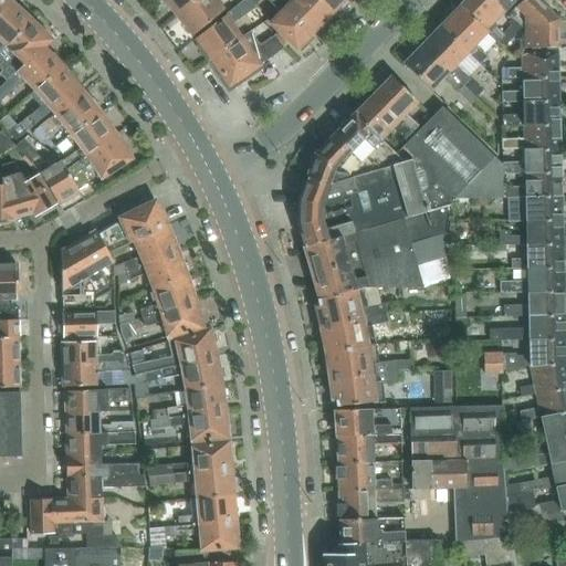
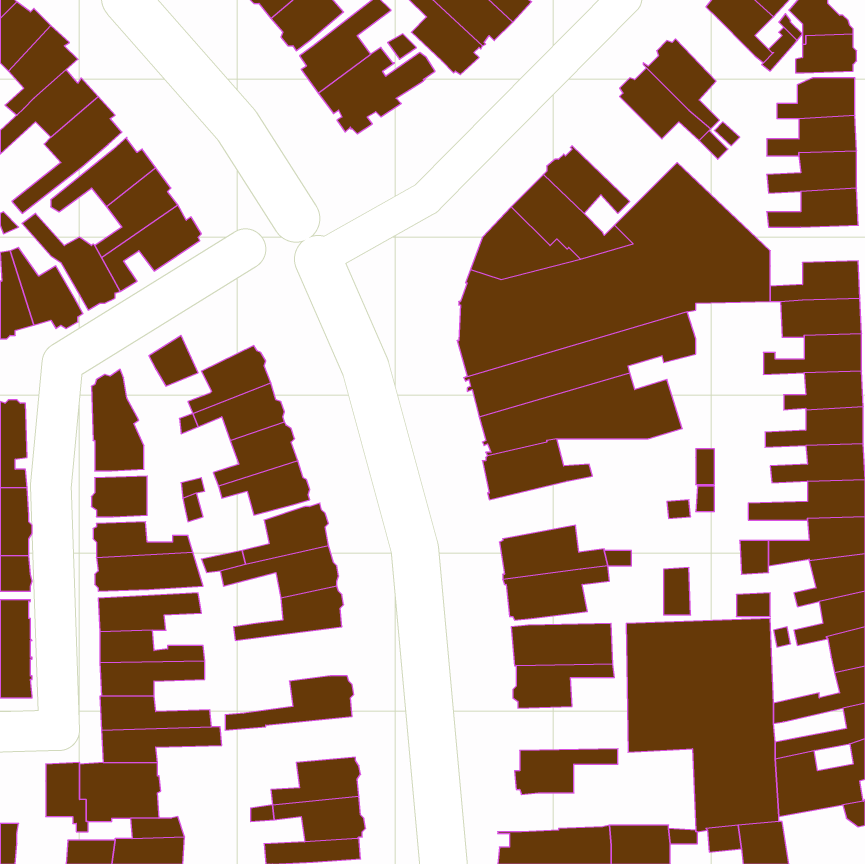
building: [441,4,489,64] -> none
building: [374,76,418,132] -> none
building: [503,147,560,174] -> none
building: [118,201,166,243] -> none
building: [78,231,114,291] -> none
building: [319,311,389,352] -> none
building: [149,409,229,440] -> none
building: [335,461,403,490] -> none
building: [174,468,233,497] -> none
building: [340,517,403,543] -> none

